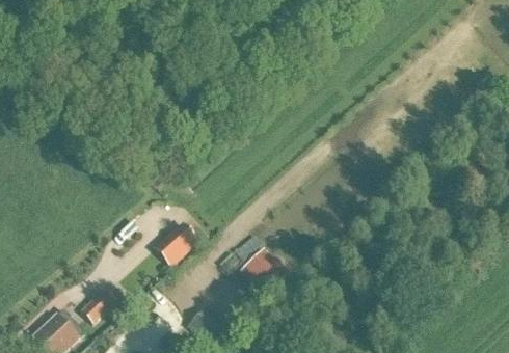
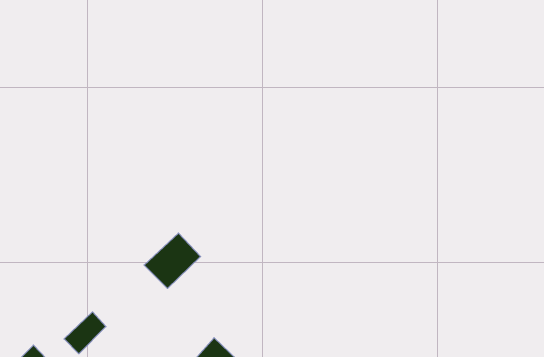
building: [248,249,289,290] -> none

